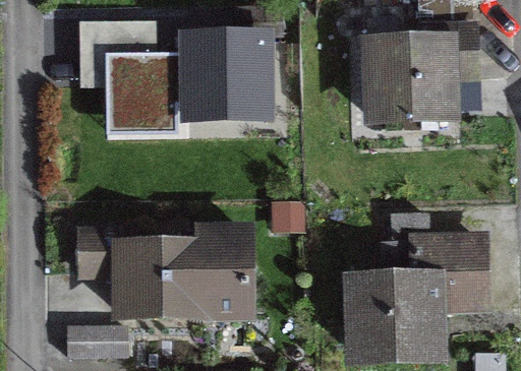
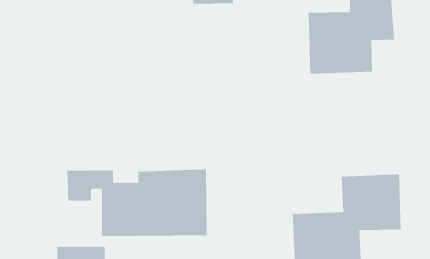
building: [107,43,268,120] -> none

